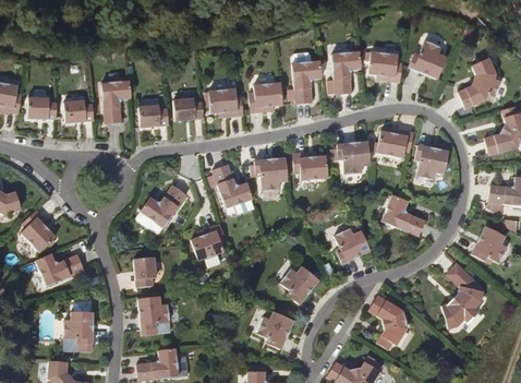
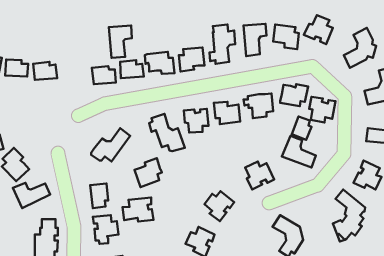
building: [99,82,129,123] -> [109,25,132,58]
building: none -> [292,116,311,140]
building: none -> [123,197,154,221]

